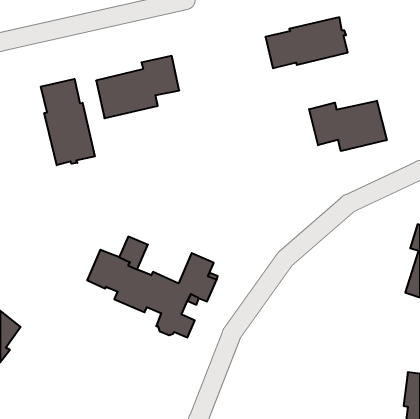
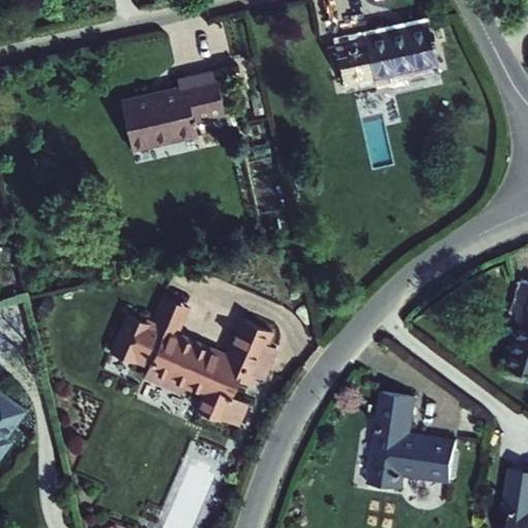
building: [41,79,95,165] -> none
building: [309,101,387,151] -> none
building: none -> [373,392,459,489]

